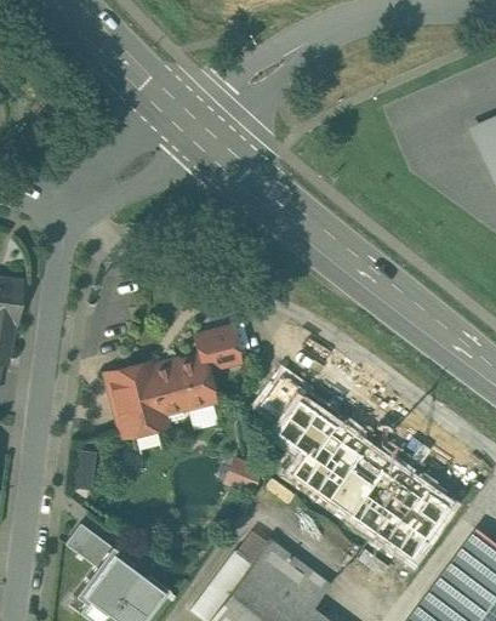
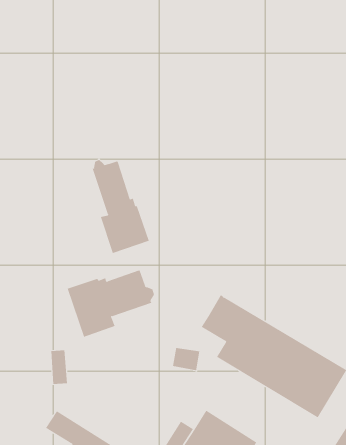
building: none -> [92,159,150,254]
building: [194,327,238,370] -> none
building: [260,375,307,421] -> none

